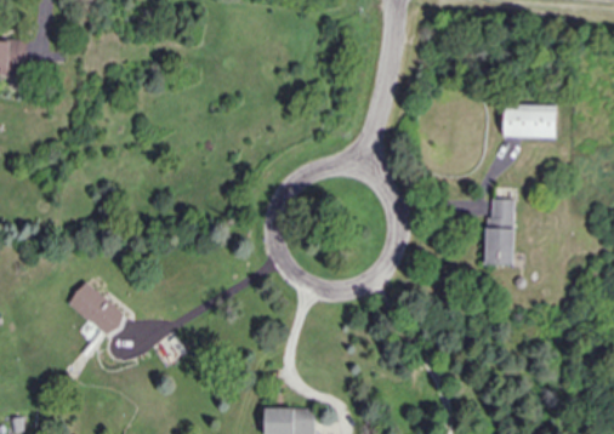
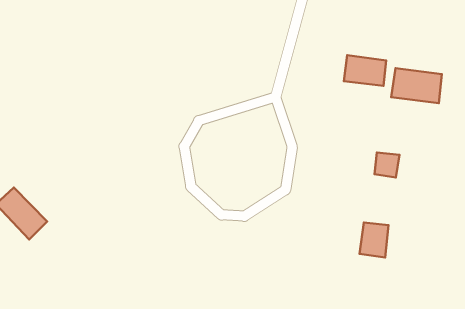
building: none -> [344,55,386,86]
building: [482,230,511,267] -> [359,223,389,258]

